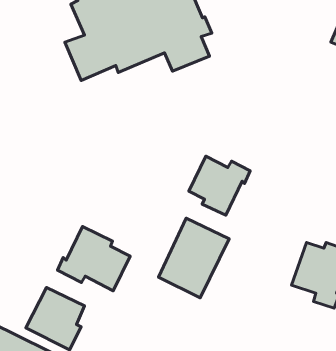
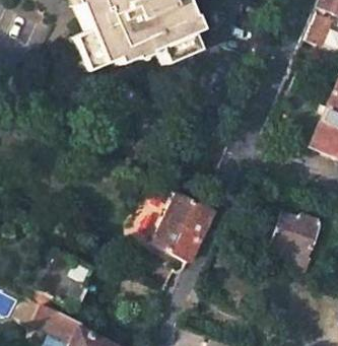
building: [189,156,250,215] -> none
building: [58,227,130,291] -> none

